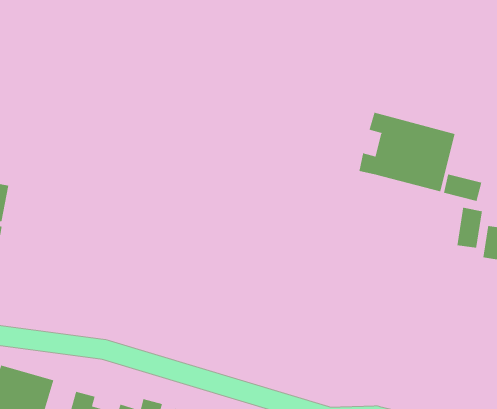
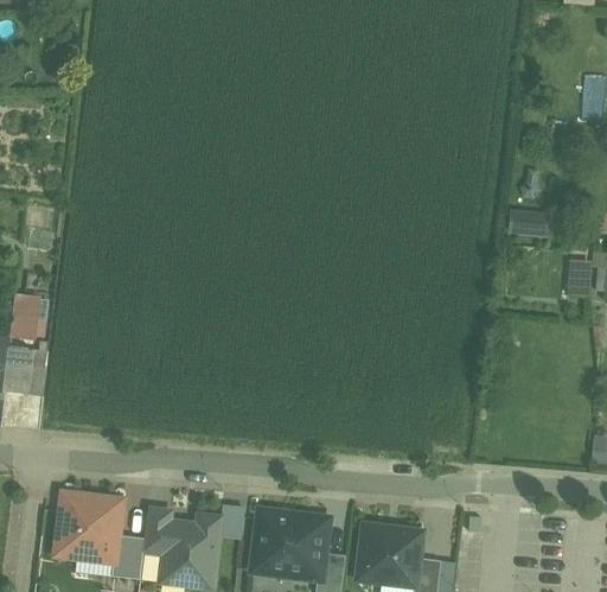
building: [359,112,455,192] -> none
building: [457,207,482,249] -> none

